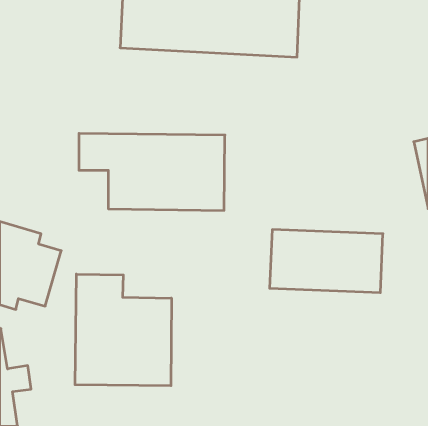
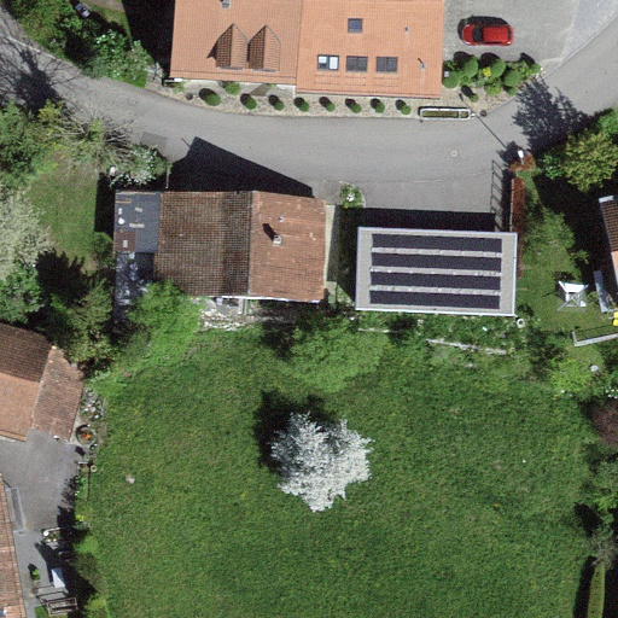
building: [270,230,383,293] -> [355,226,518,316]
building: [75,274,171,386] -> none

